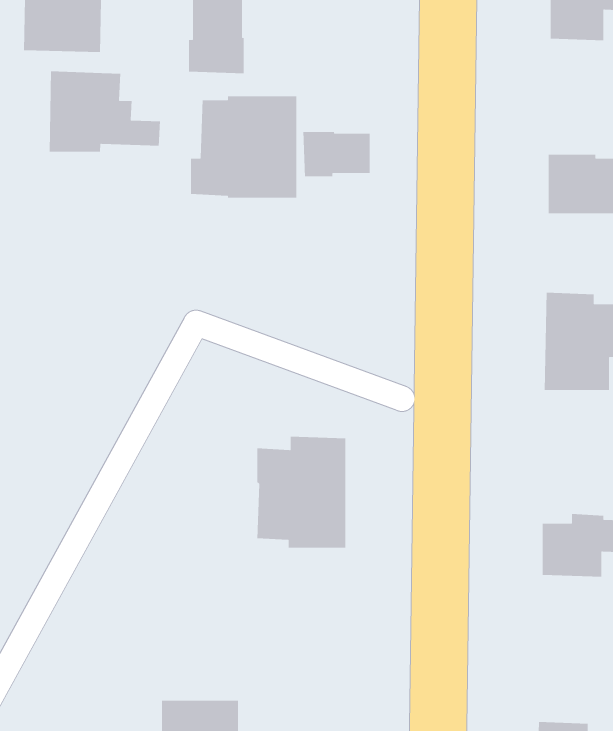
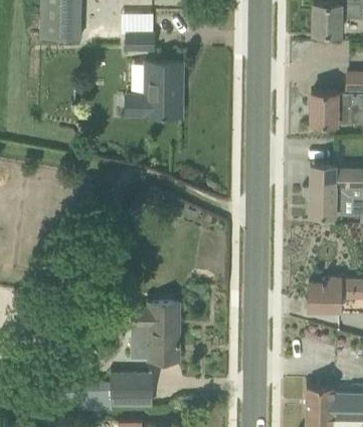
building: [49,71,161,152] -> none
building: [303,131,370,177] -> none
building: [257,436,346,548] -> [133,303,179,362]

